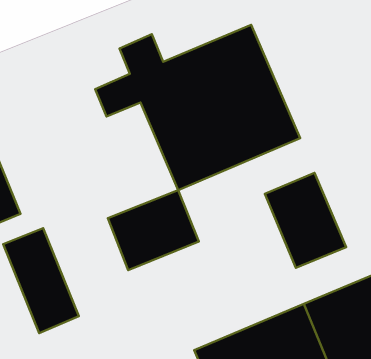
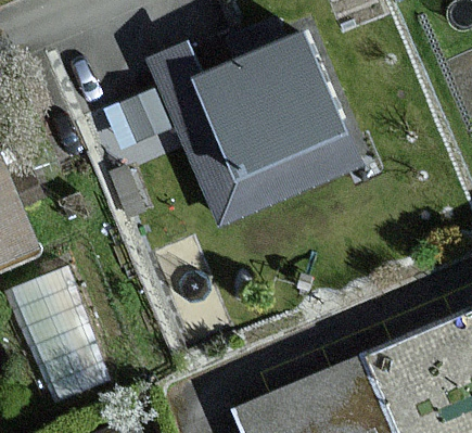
building: [265,173,346,268] -> none
building: [108,190,199,270] -> none

